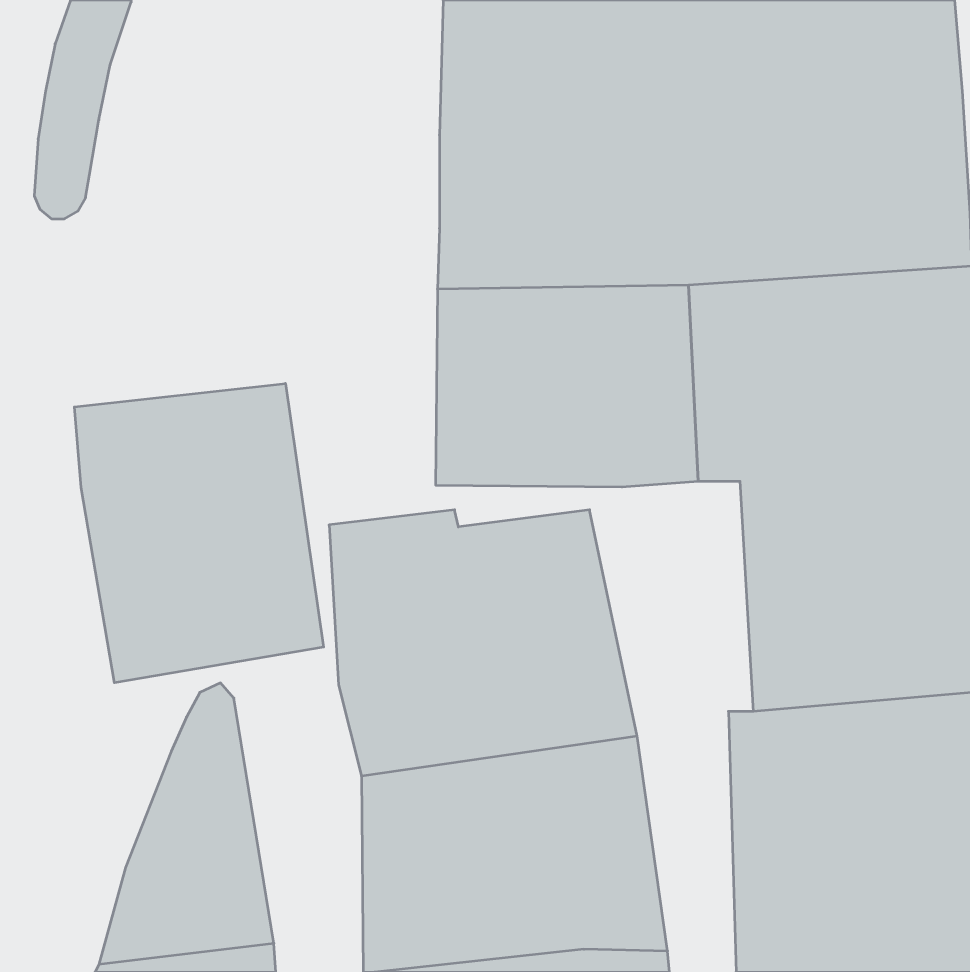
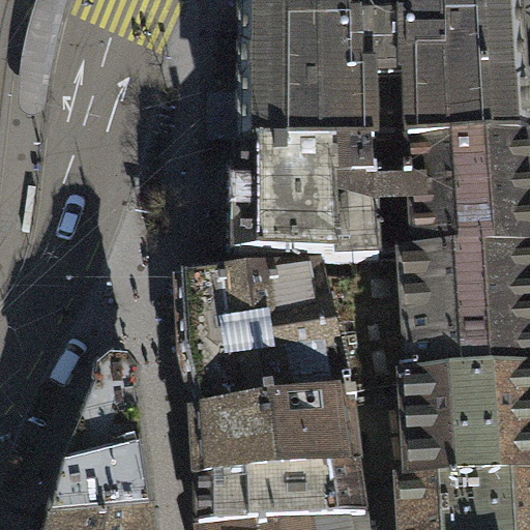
building: [74,383,324,683] -> none

